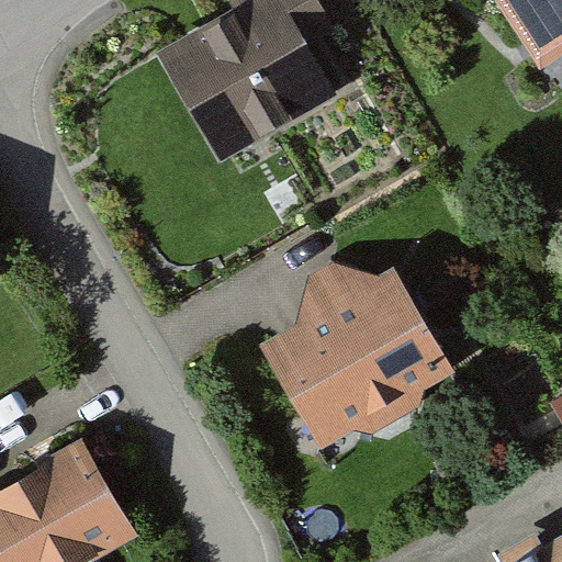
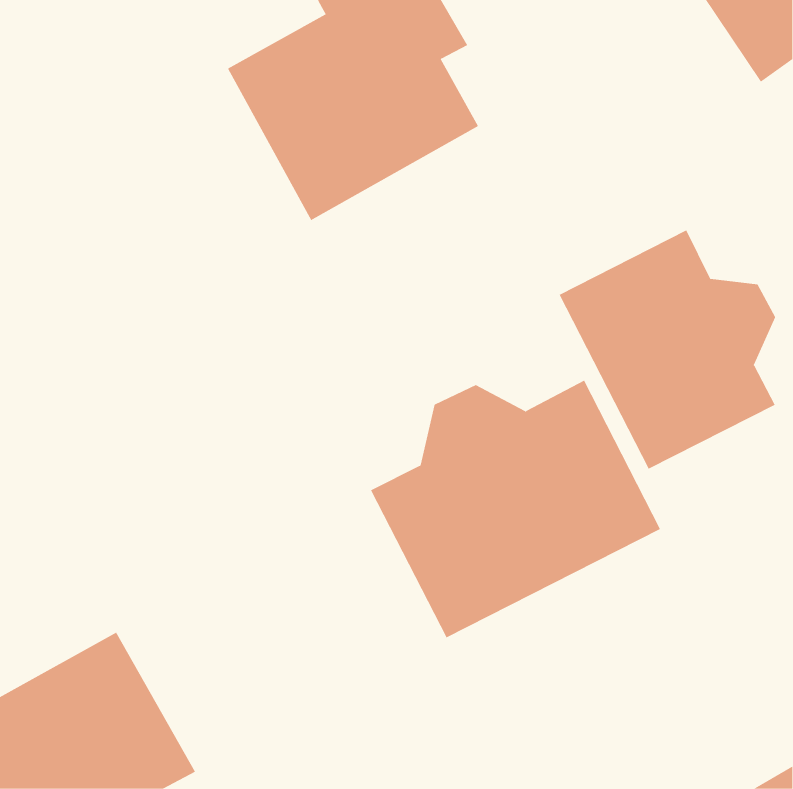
building: none -> [559,229,776,469]

